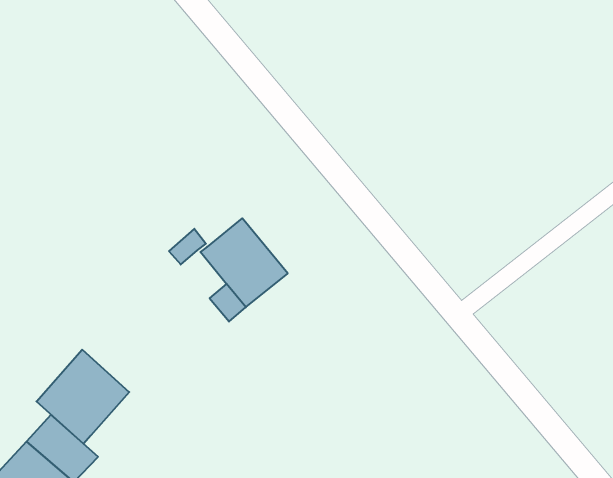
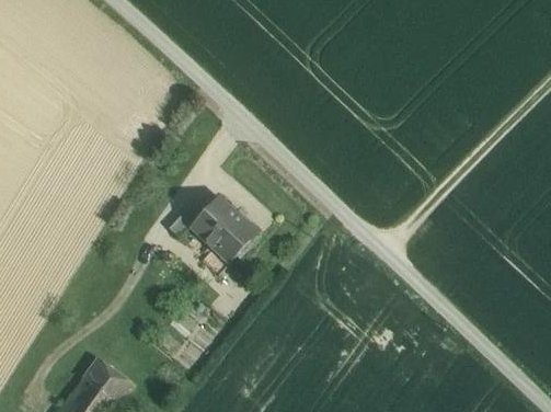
building: [36,350,129,444] -> none

